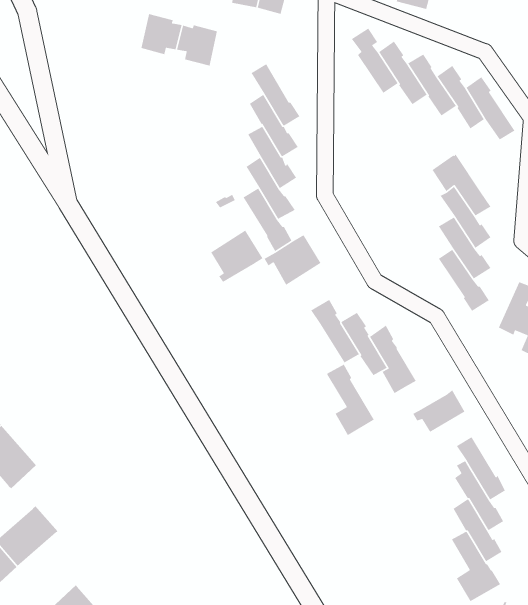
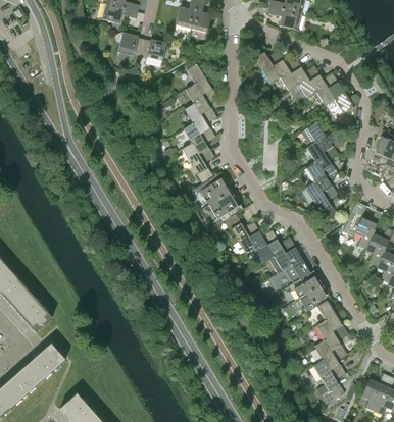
building: [210,229,263,283] -> [208,191,242,224]
building: [326,363,375,436] -> [279,238,309,283]
building: none -> [299,284,330,313]

